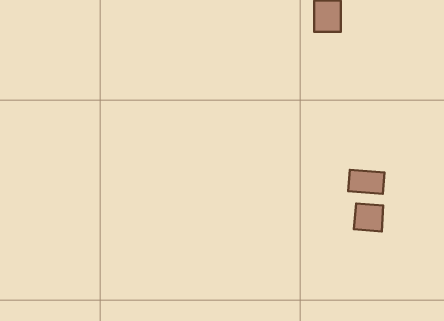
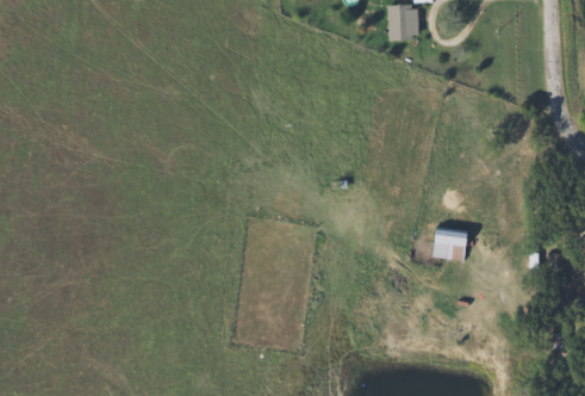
building: [348,170,385,194] -> none

